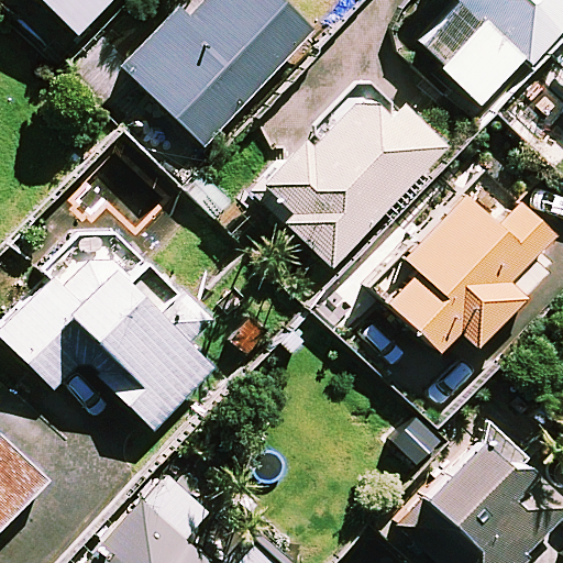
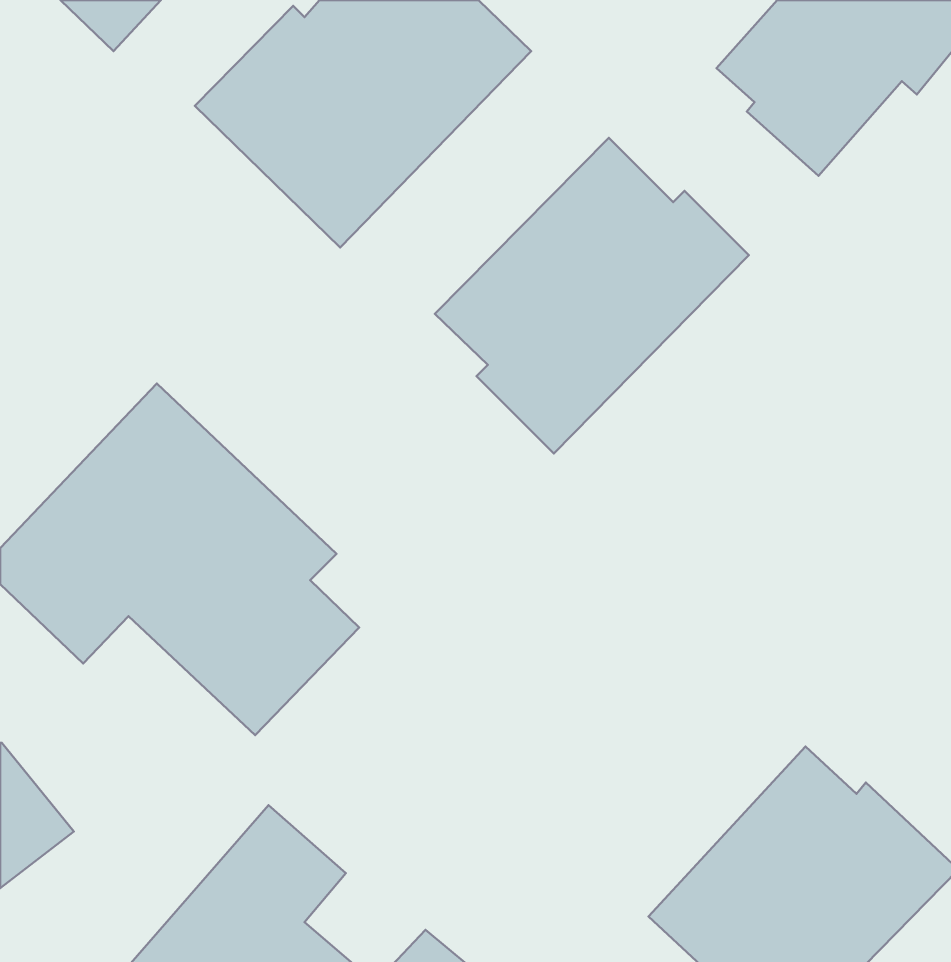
building: [383,195,547,349] -> none

